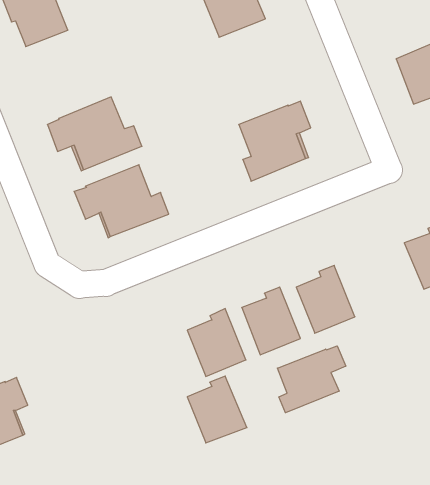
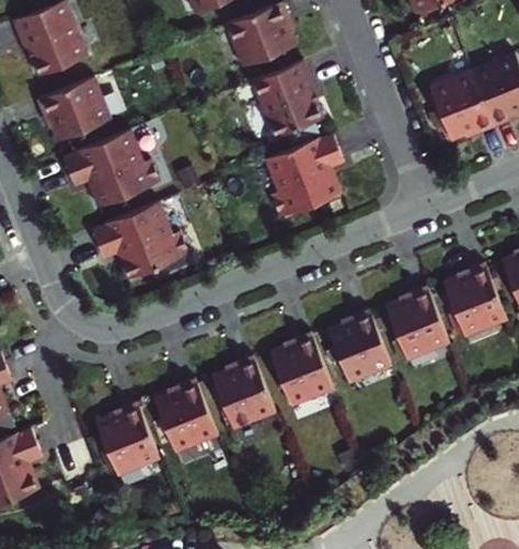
building: none -> [253,62,321,138]
building: none -> [36,80,107,142]
building: none -> [384,287,448,359]
building: [277,346,346,413] -> none
building: none -> [95,403,158,474]
building: [187,376,247,443] -> [153,380,217,451]

